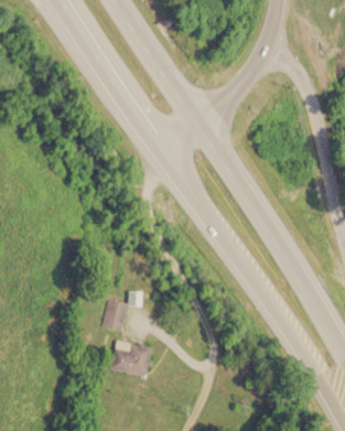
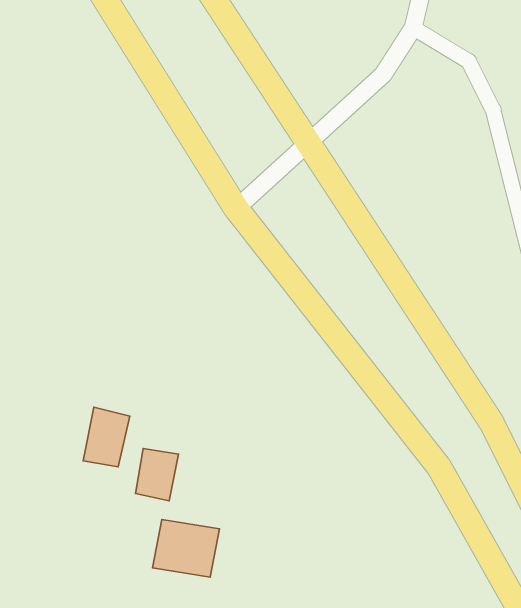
building: none -> [83,407,130,467]

